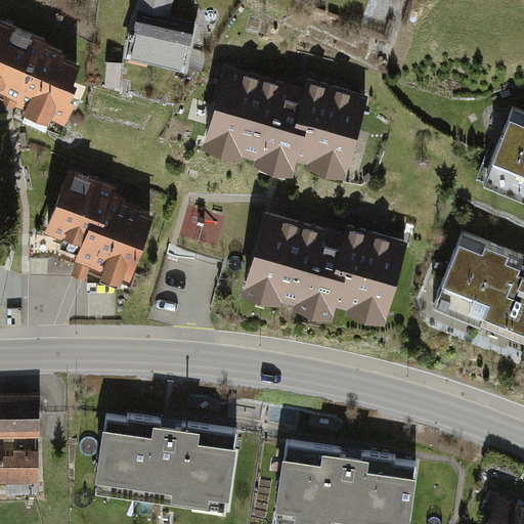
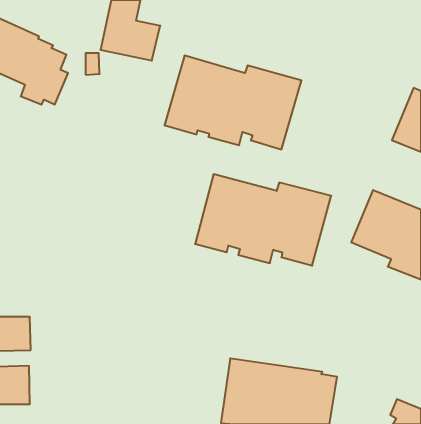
building: [38,166,155,290] -> none
building: [92,416,239,515] -> none

